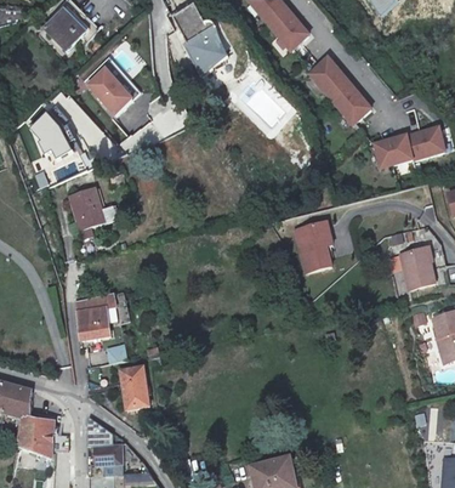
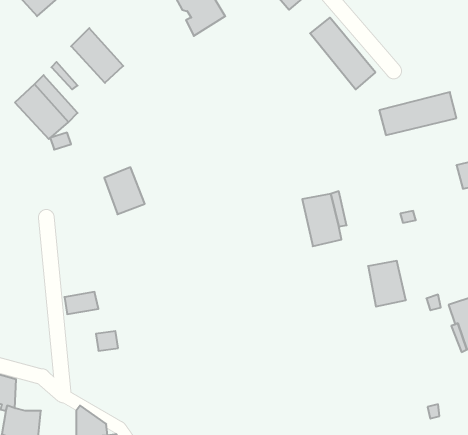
building: [66,188,103,232] -> [104,167,145,214]
building: [403,240,438,283] -> [368,261,406,307]
building: [120,368,147,408] -> none

